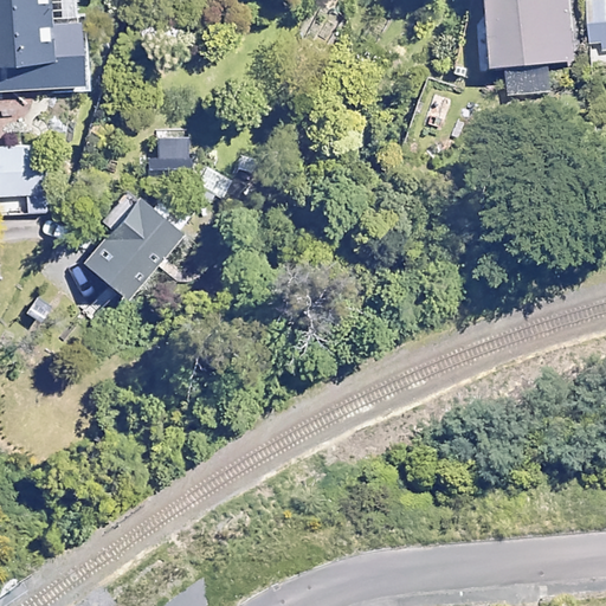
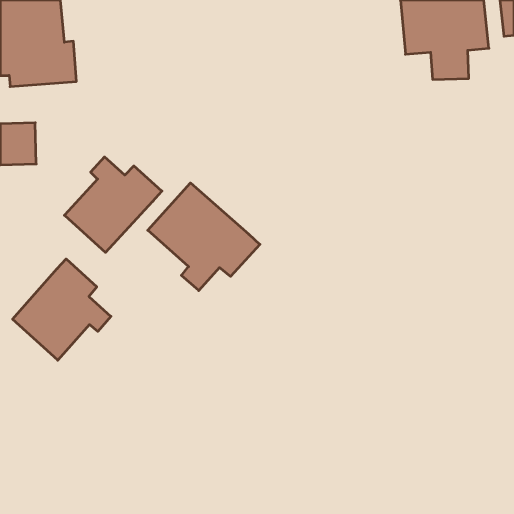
building: none -> [148,183,260,291]
building: none -> [13,259,111,360]

